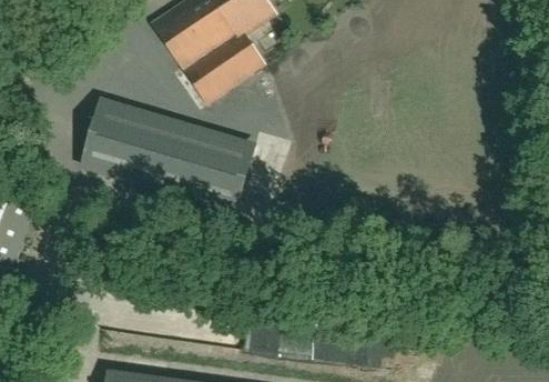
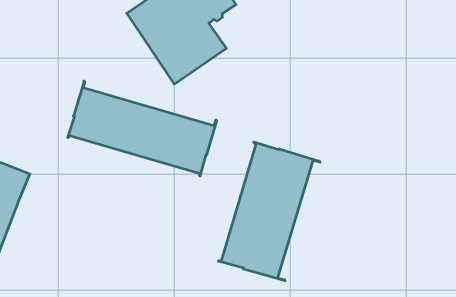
building: none -> [218,142,320,281]

